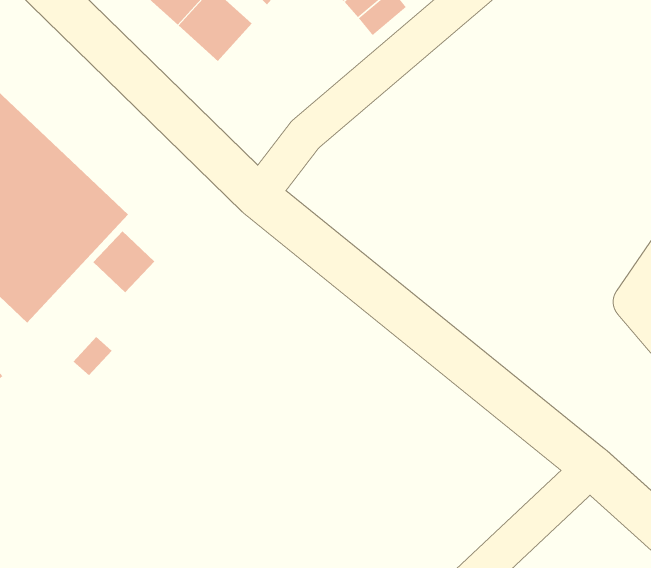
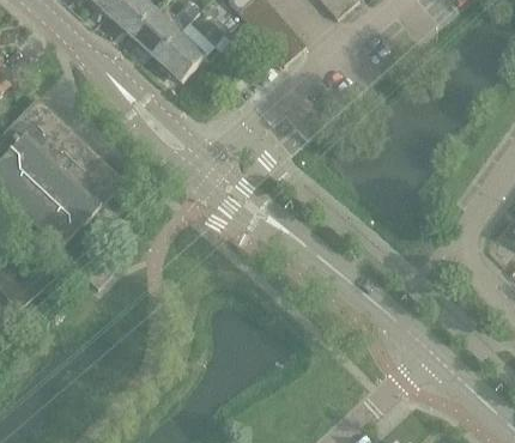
building: [93,231,155,293] -> none

